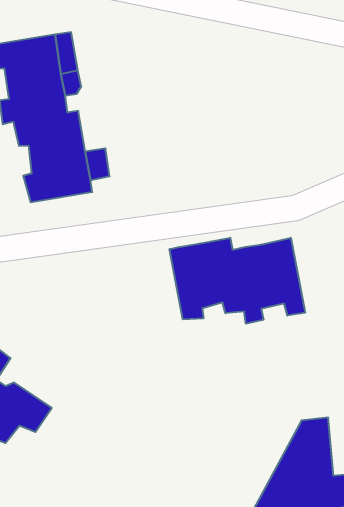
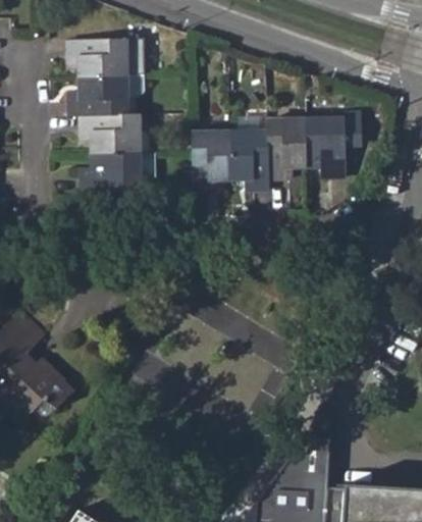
building: none -> [192,120,345,192]
building: [170,238,305,324] -> none

